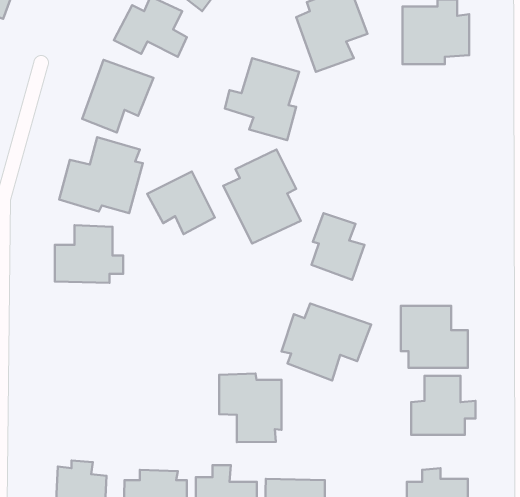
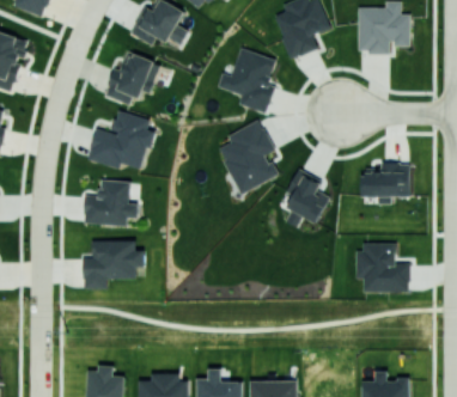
building: [147,171,215,234] -> none
building: none -> [362,163,409,204]
building: none -> [83,240,144,288]
building: [281,303,371,381] -> none
building: [219,373,282,442] -> none
building: [411,376,475,435] -> none

